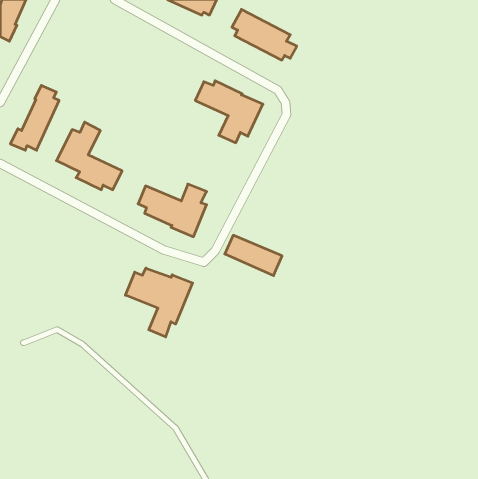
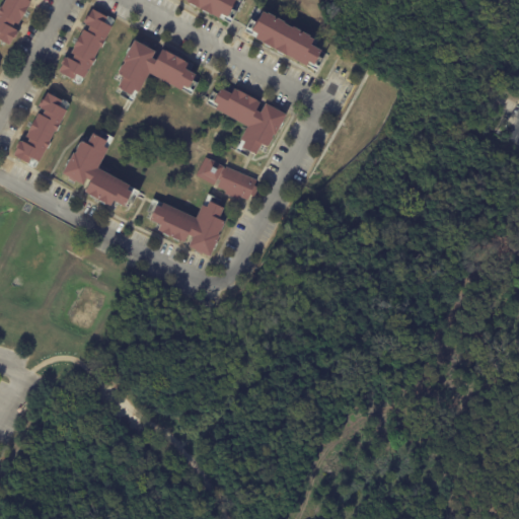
building: none -> [59,8,110,79]
building: none -> [118,40,197,96]
building: [225,235,282,276] -> [196,157,257,201]
building: [125,268,193,337] -> none

